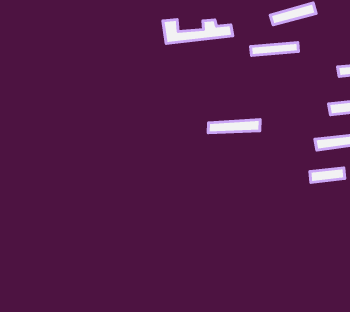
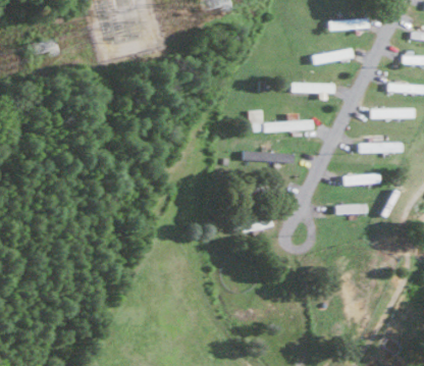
building: [163,20,233,44] -> [250,110,313,132]

